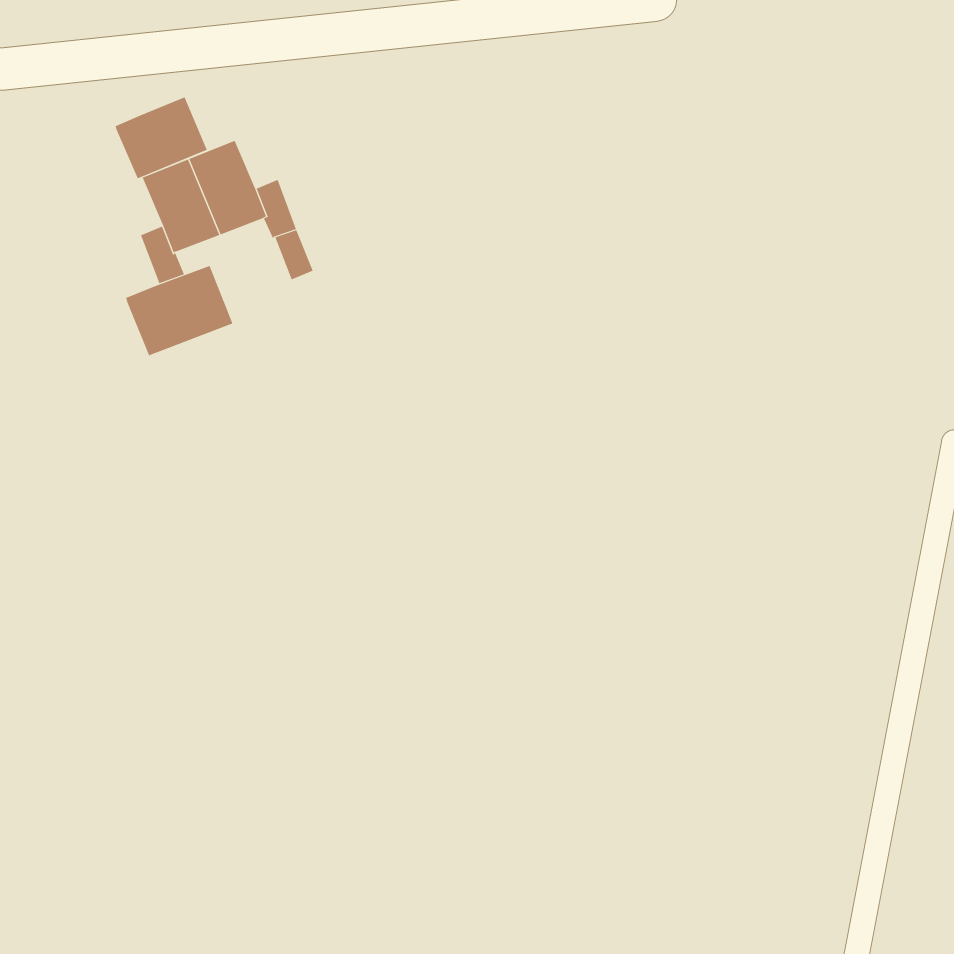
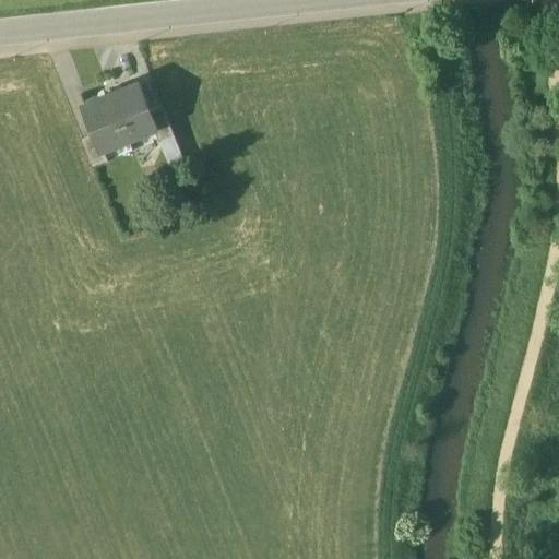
building: [115,97,208,179] -> none
building: [125,265,233,356] -> none

